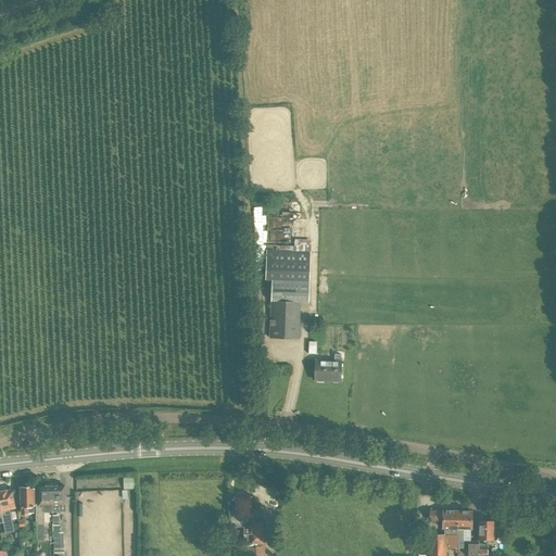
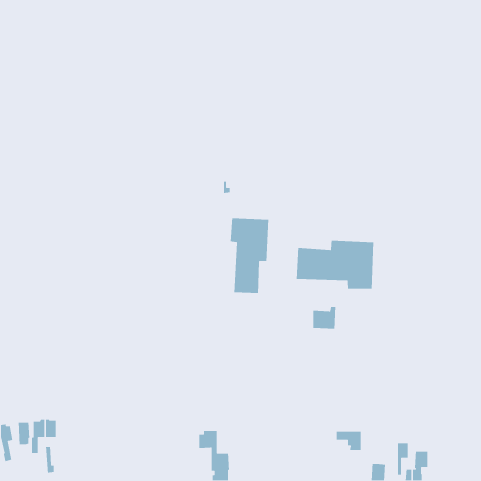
building: none -> [296,240,374,290]
building: [315,354,342,381] -> [313,306,336,330]
building: [429,510,458,533] -> [336,431,361,451]

